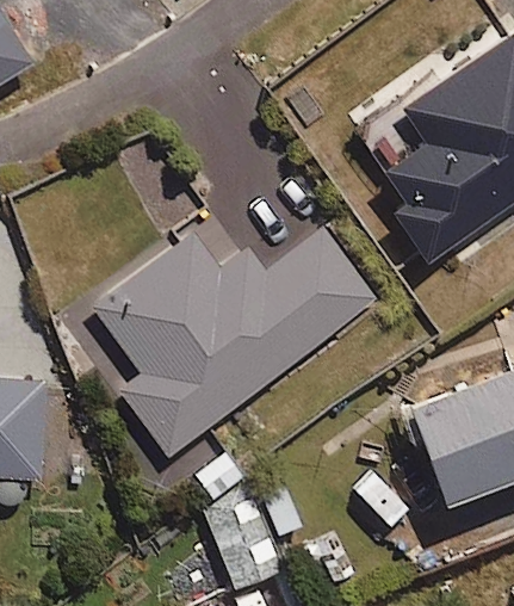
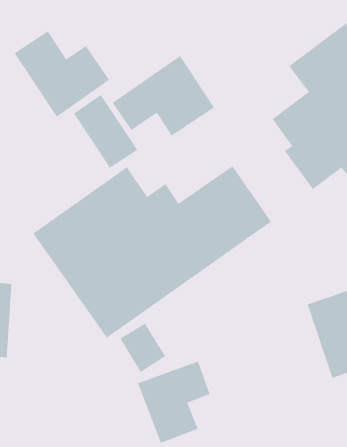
building: none -> [14,31,110,118]
building: none -> [112,55,215,136]

